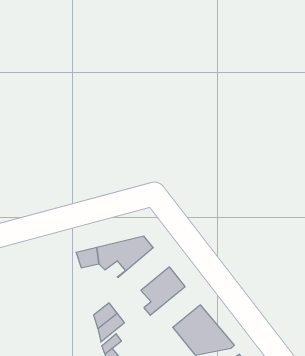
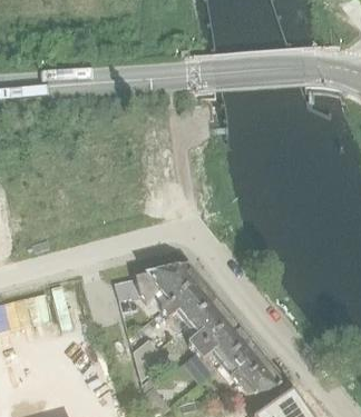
building: none -> [156,275,212,321]
building: none -> [191,317,245,361]

